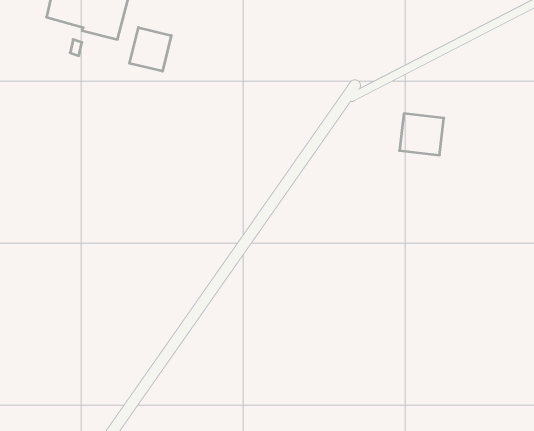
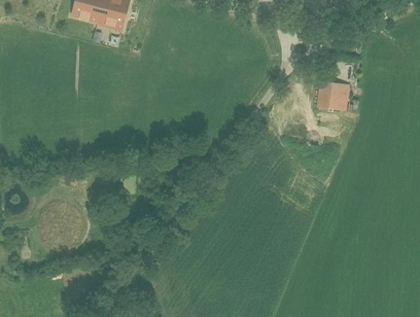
building: [129,27,171,71] -> none

